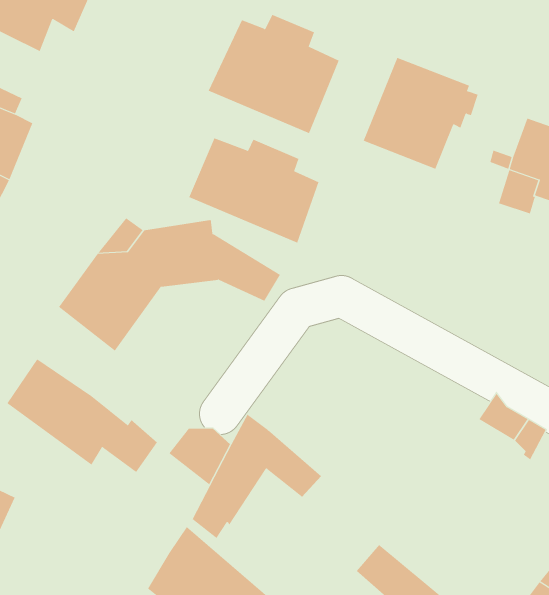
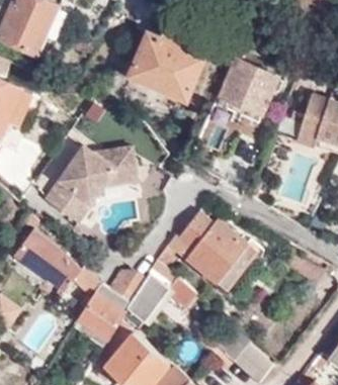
building: [188,137,319,244] -> none
building: none -> [152,209,254,291]
building: none -> [77,278,131,339]

